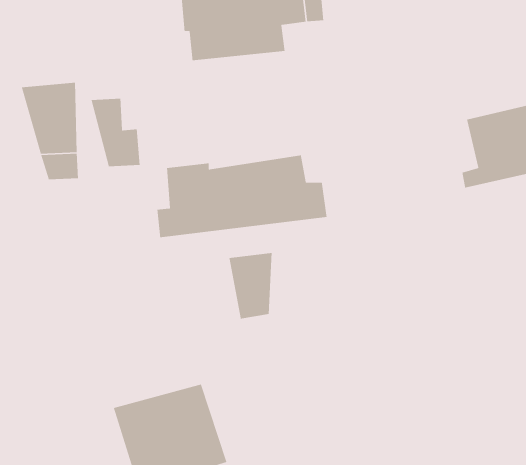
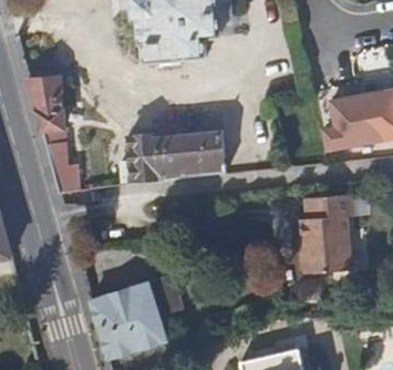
building: [91,98,141,167] -> [44,143,79,191]
building: none -> [297,191,351,270]
building: [229,252,273,320] -> none

